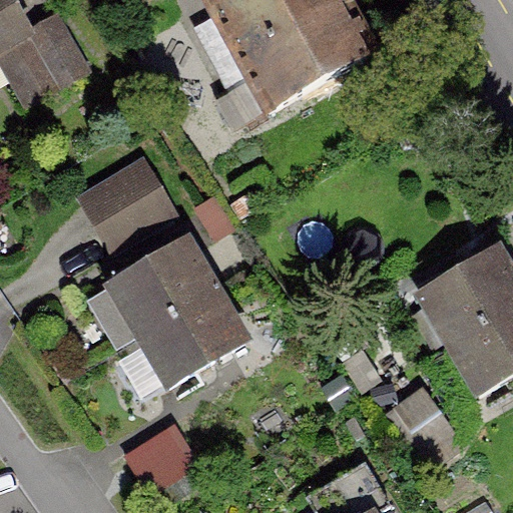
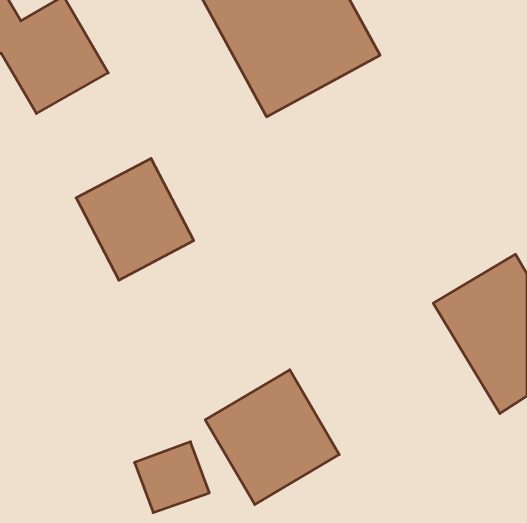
building: [104,238,244,385] -> none
building: none -> [205,370,339,505]

